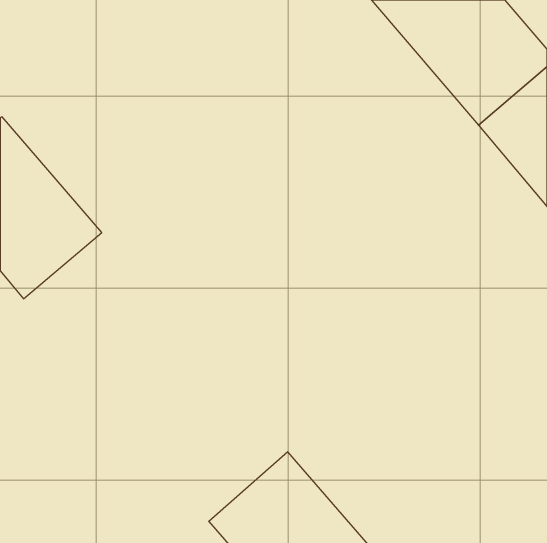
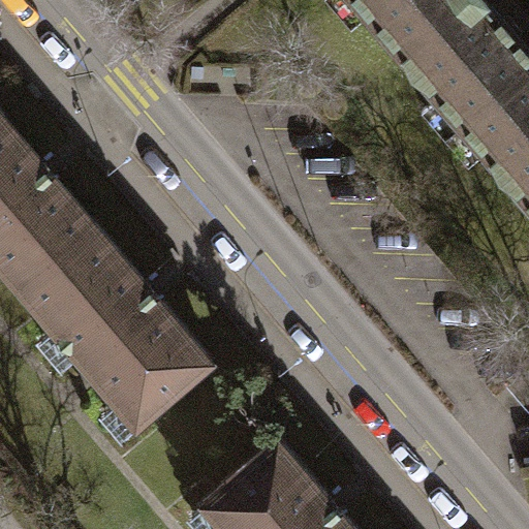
building: none -> [23,228,214,427]

